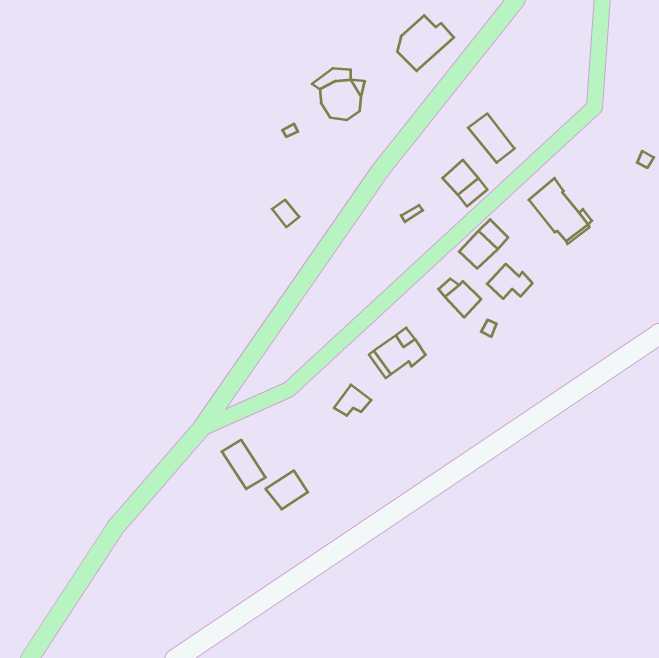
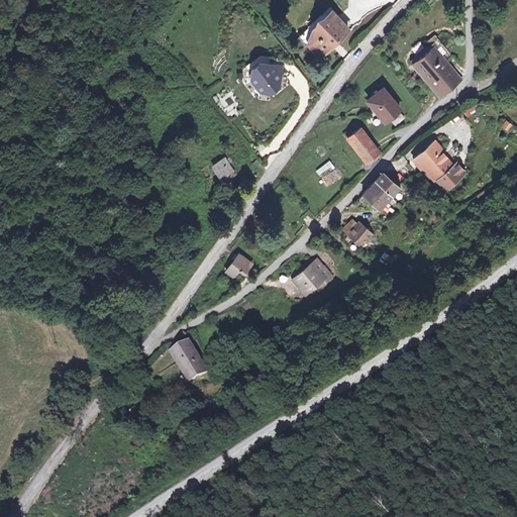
building: none -> [417,50,458,93]
building: [487,264,532,299] -> none
building: [334,385,371,416] -> [226,253,255,278]
building: [266,471,308,509] -> none

